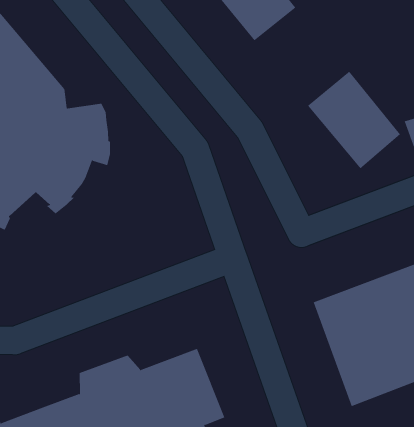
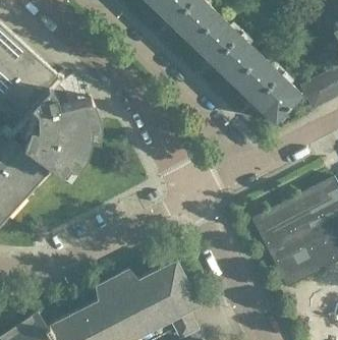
building: none -> [190,15,259,82]

